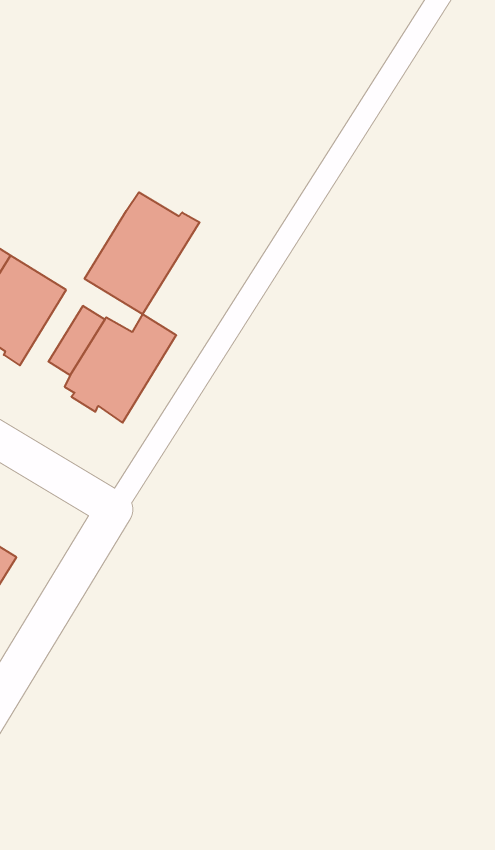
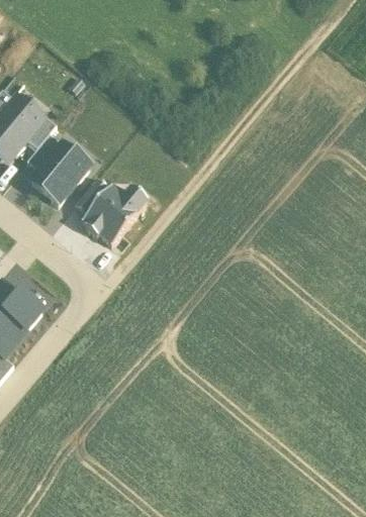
building: [85,192,200,314] -> none

